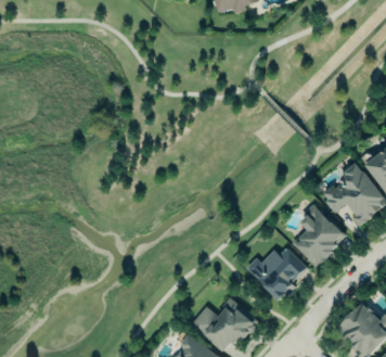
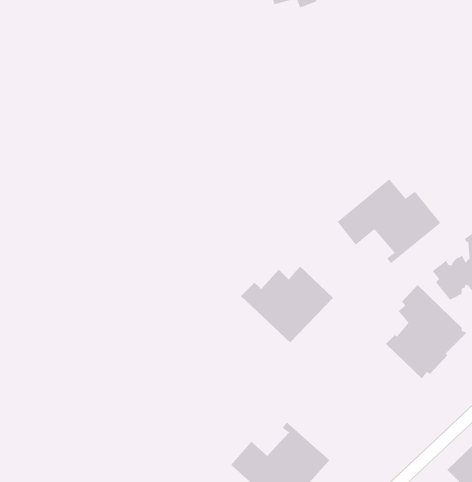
building: none -> [337,179,441,264]
building: [244,246,307,298] -> [240,266,334,343]

